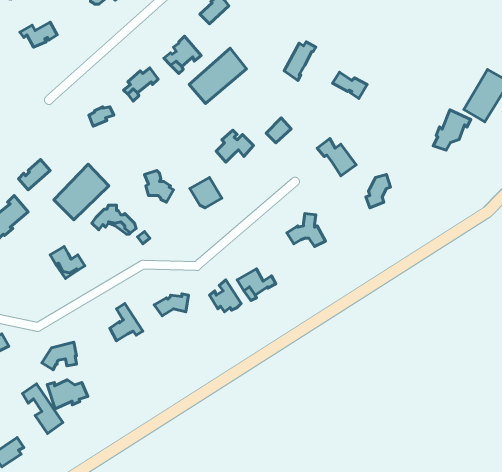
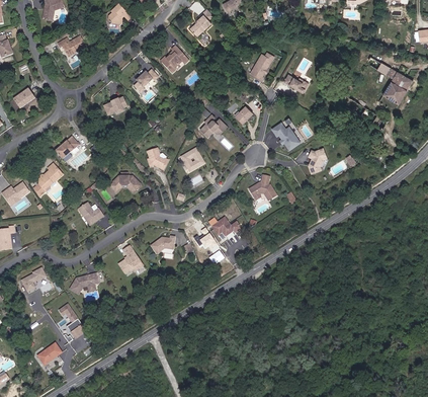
building: [189,48,247,103] -> none
building: [433,110,471,150] -> none
building: [54,164,109,220] -> none
building: [47,380,88,409] -> none

